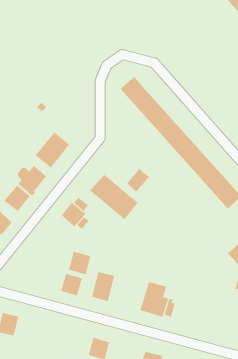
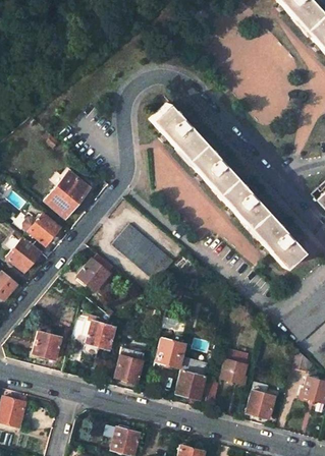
building: [127,168,150,193] -> none
building: none -> [156,338,186,366]
building: [60,273,83,296] -> [34,331,61,359]
building: none -> [222,349,251,384]
building: none -> [247,389,275,418]

